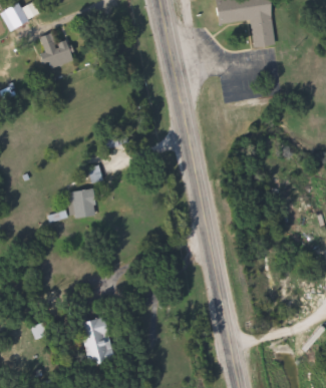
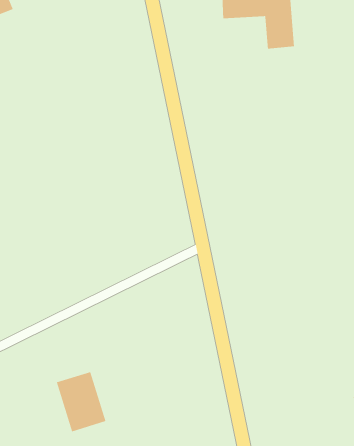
building: [36,33,72,69] -> none
building: [67,190,93,217] -> none

